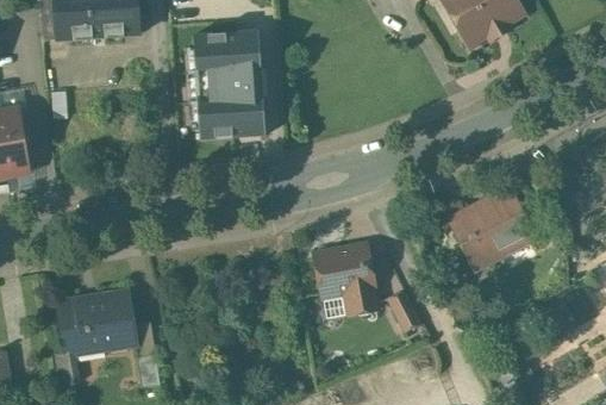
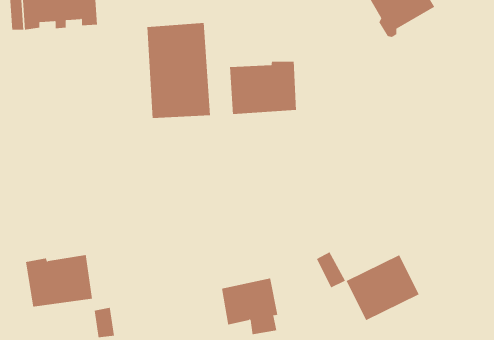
building: none -> [229,61,297,115]
building: [449,191,532,266] -> [346,255,419,321]
building: [312,243,376,307] -> [221,278,278,335]

